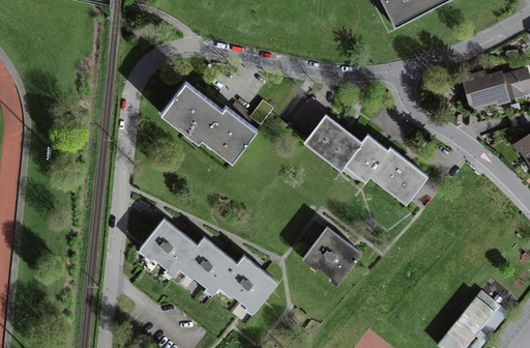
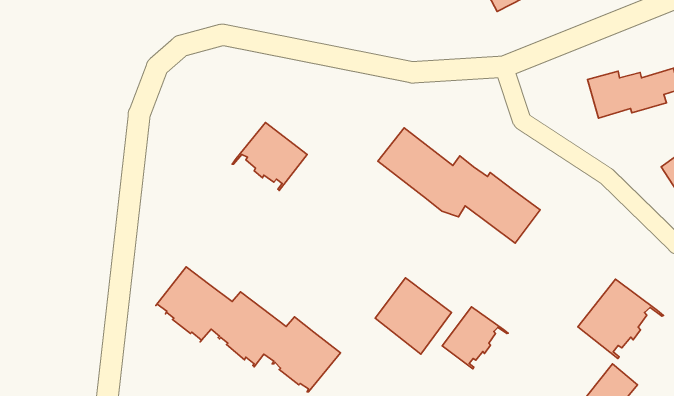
building: [160,82,222,138] -> none
building: none -> [578,279,663,359]
building: none -> [442,307,508,369]

